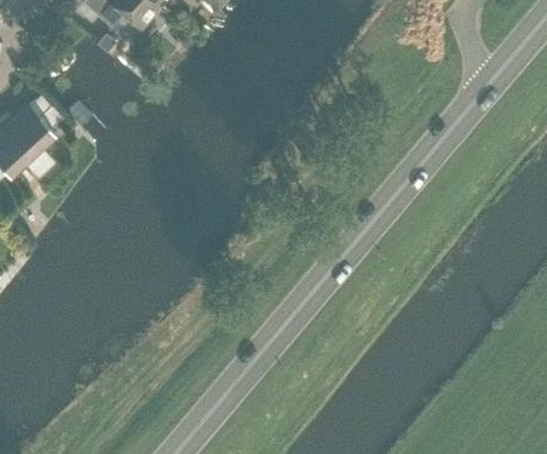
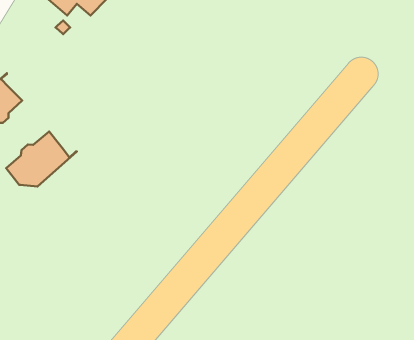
building: none -> [6,131,77,187]

